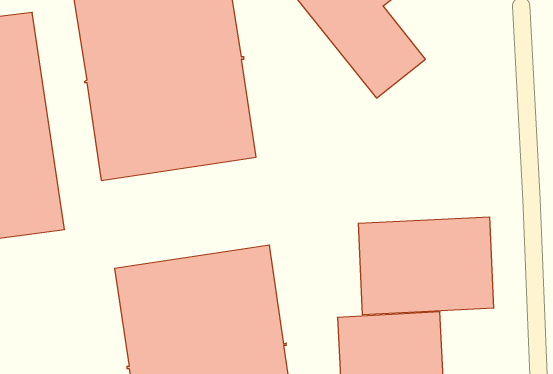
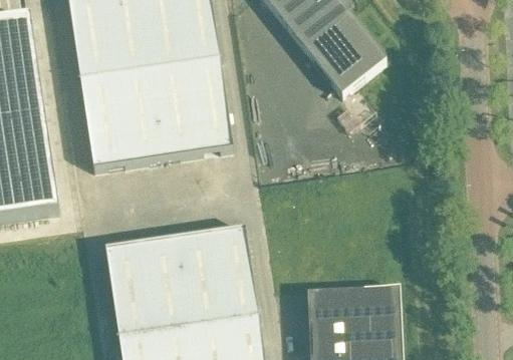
building: [359,217,493,315] -> none

